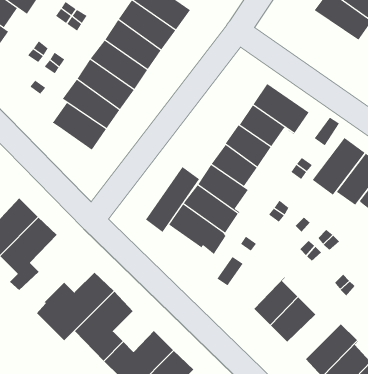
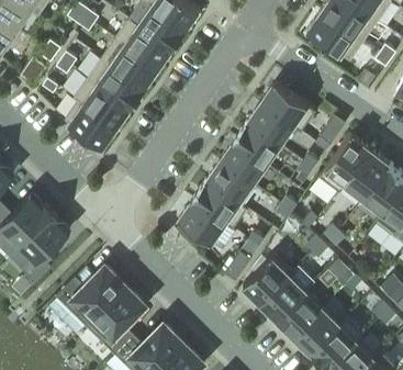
building: none -> [306,12,365,63]
building: [145,166,200,233] -> none
building: none -> [244,255,292,304]
building: none -> [294,310,347,354]

